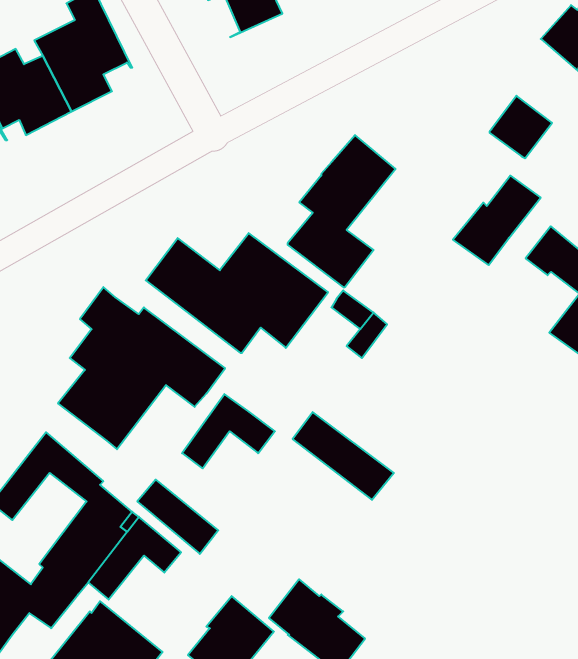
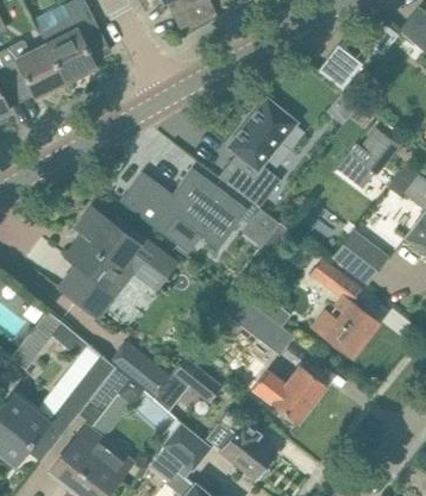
building: [490,96,552,158] -> [318,45,362,89]
building: none -> [333,228,387,281]
building: none -> [311,259,377,357]
building: [182,394,275,468] -> [155,360,220,413]
building: none -> [253,365,326,423]

